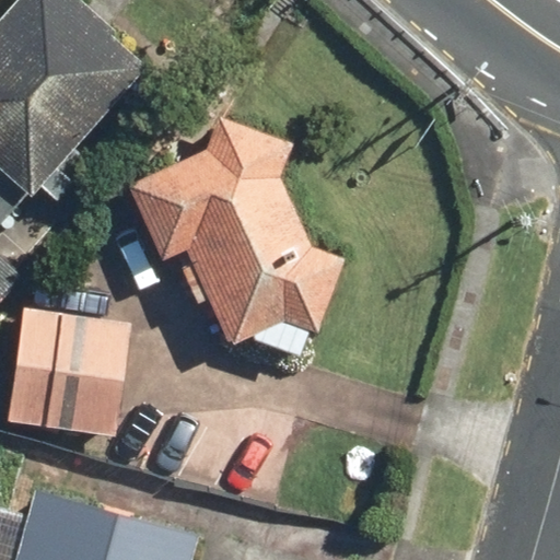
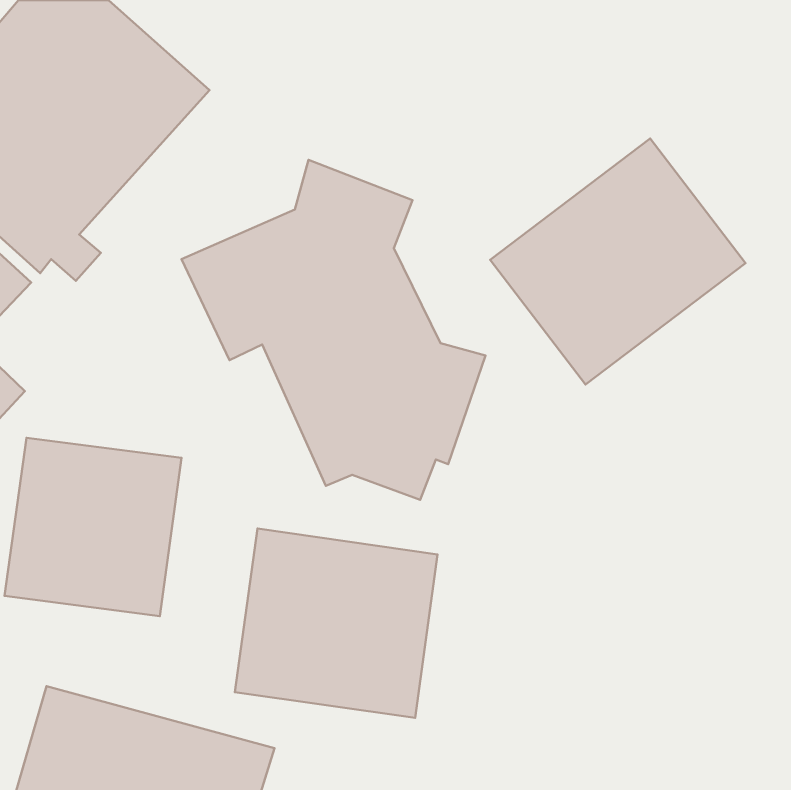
building: none -> [490,138,746,384]
building: none -> [235,529,438,718]

